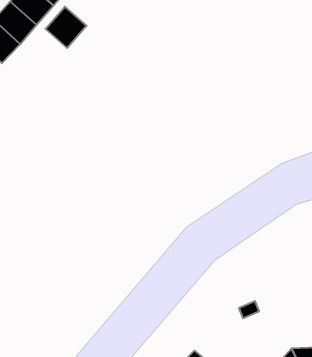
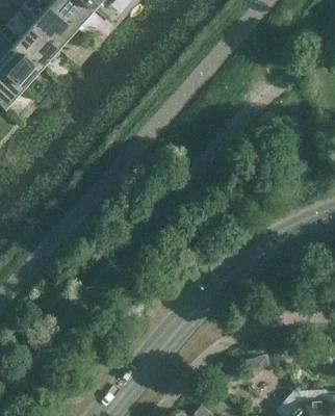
building: [45,7,87,48] -> none

